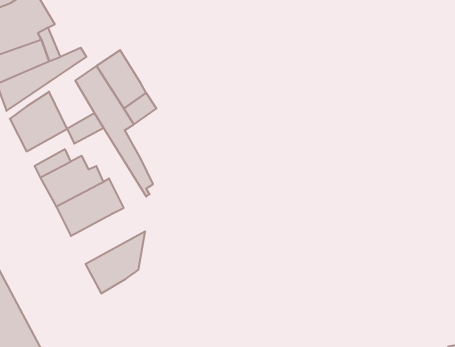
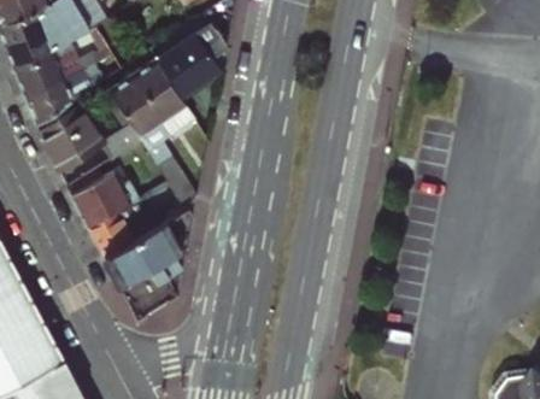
building: none -> [158,27,222,96]
building: none -> [105,215,193,291]

